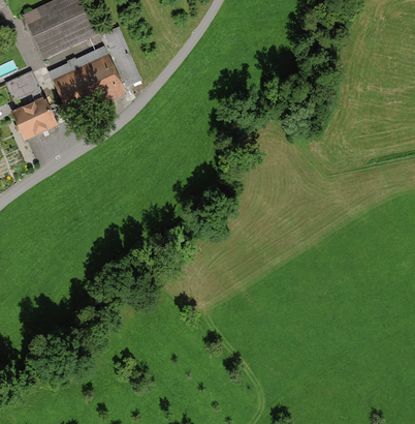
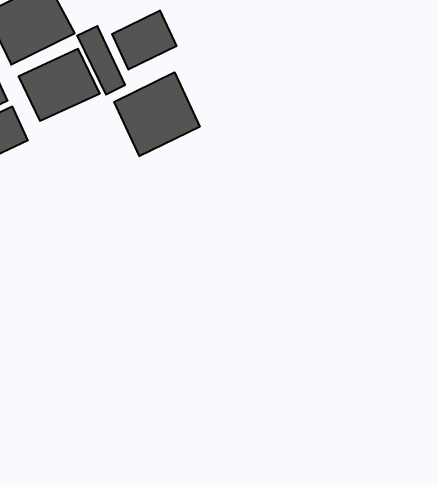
building: none -> [112,10,176,70]
building: none -> [114,72,200,156]

